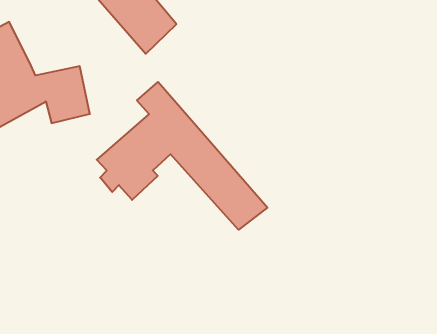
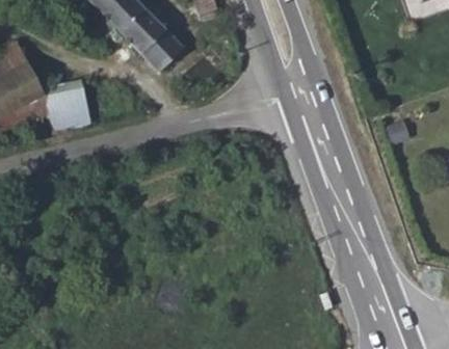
building: [97,82,267,230] -> none

